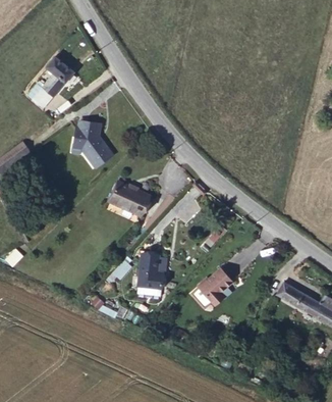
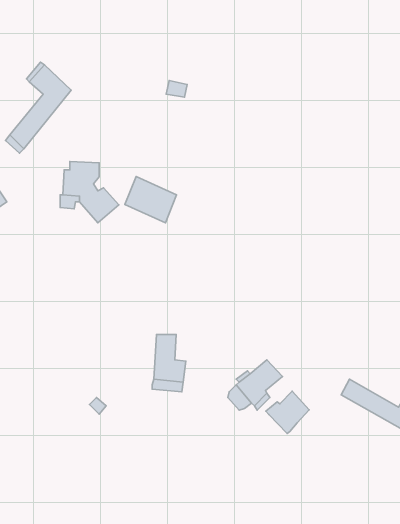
building: [113,183,151,216] -> [125,177,177,223]
building: none -> [266,391,309,434]

